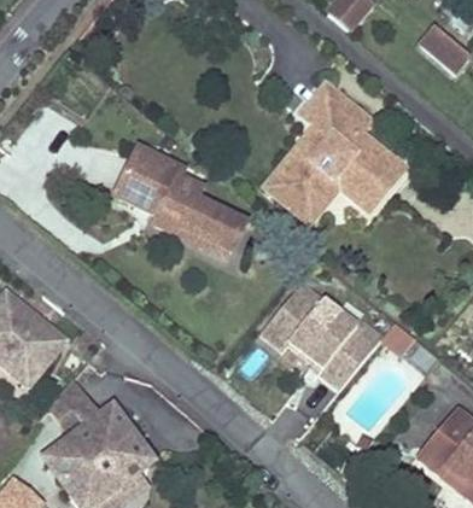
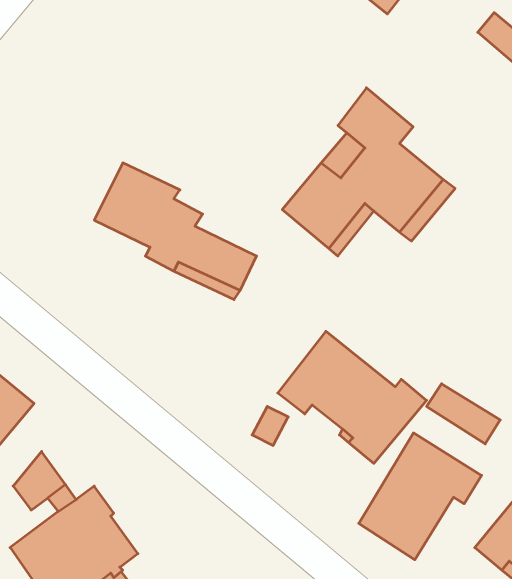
building: none -> [359,433,482,560]

